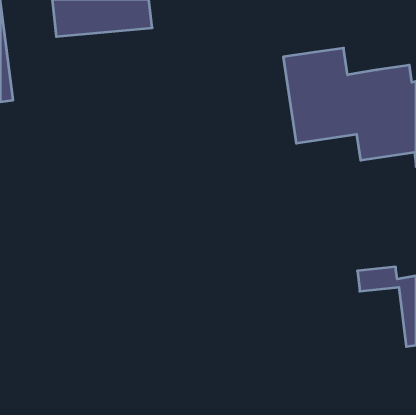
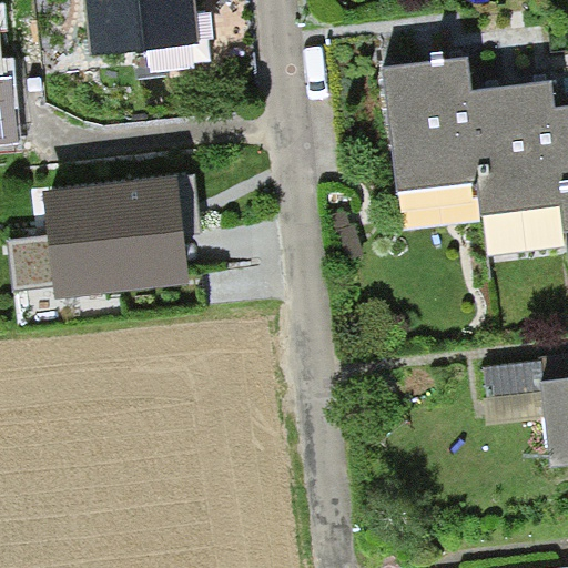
building: none -> [42,187,173,290]

